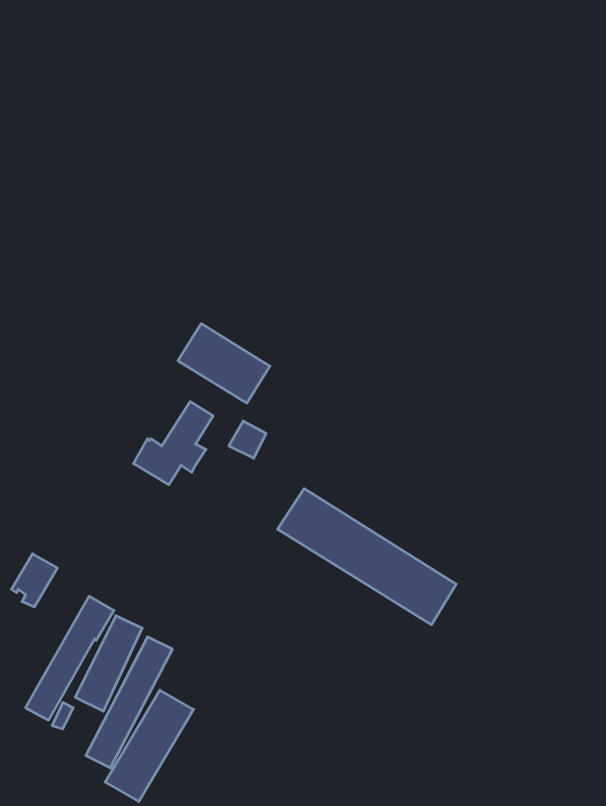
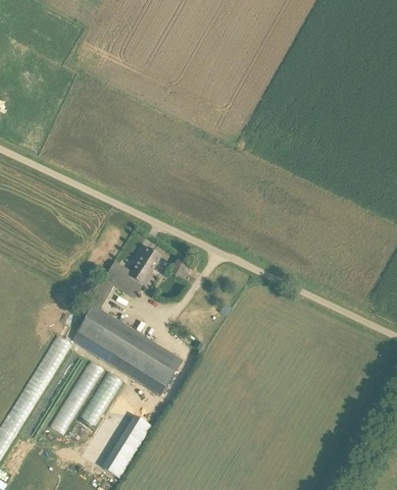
building: [178,324,270,403] -> none
building: [278,489,456,625] -> [78,307,181,385]

